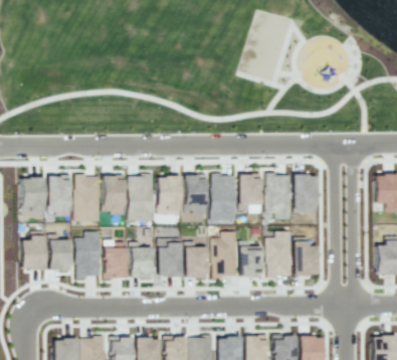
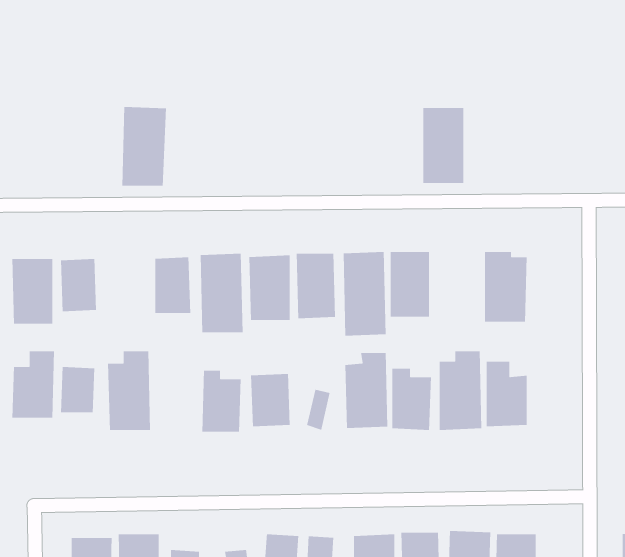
building: [75,175,102,221] -> [122,106,167,186]
building: [267,175,291,219] -> [422,107,464,184]
building: [105,241,128,279] -> none

